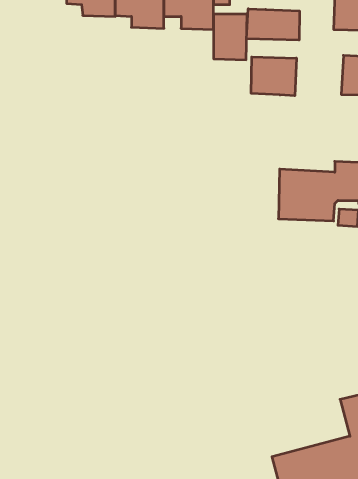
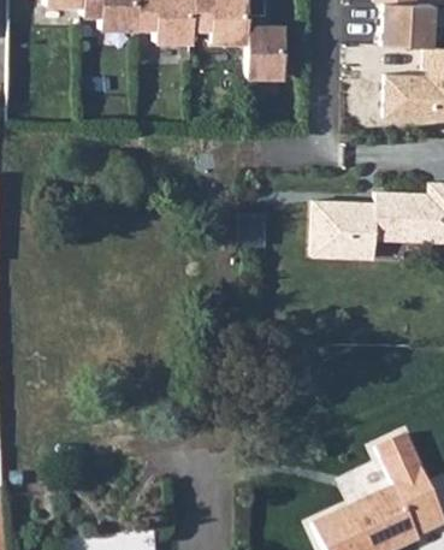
building: [247,9,299,40] -> none
building: [251,57,296,96] -> none

